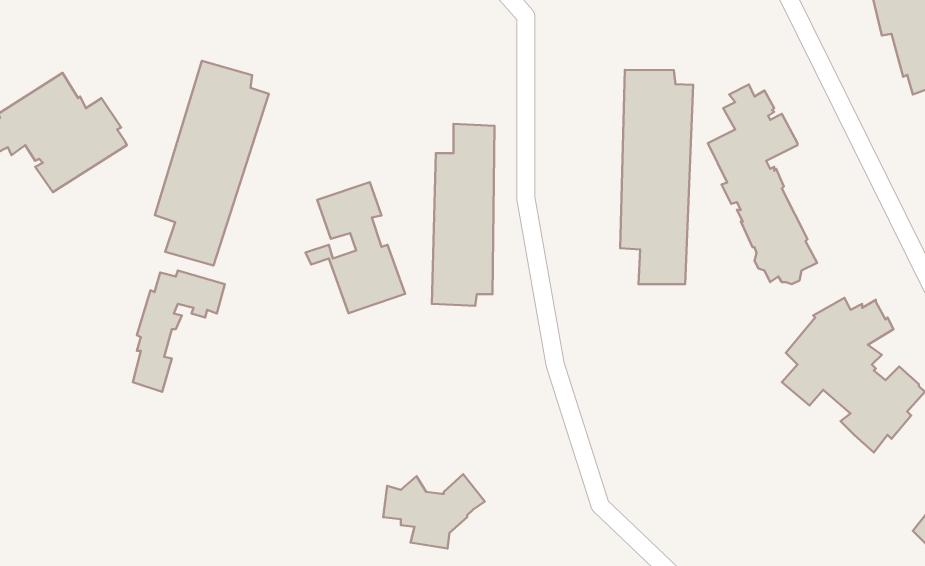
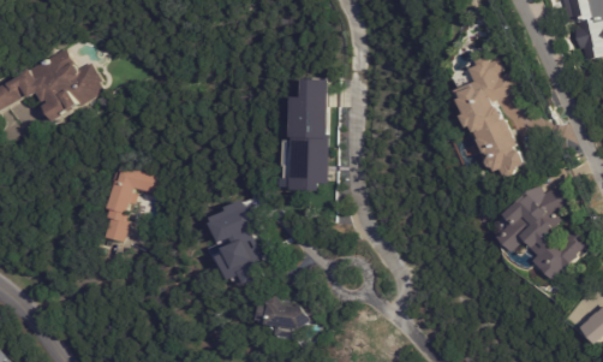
building: [155,61,269,266] -> none
building: [620,70,693,284] -> none
building: [305,182,405,313] -> [202,204,263,285]

